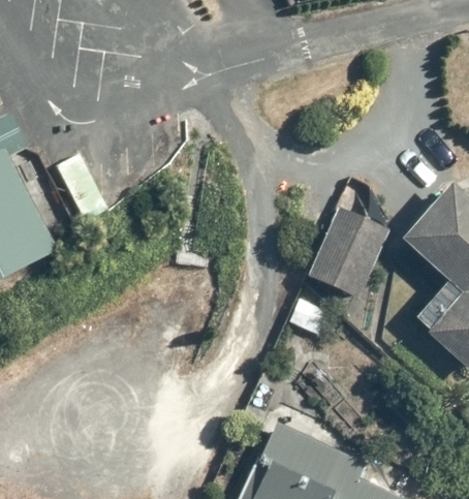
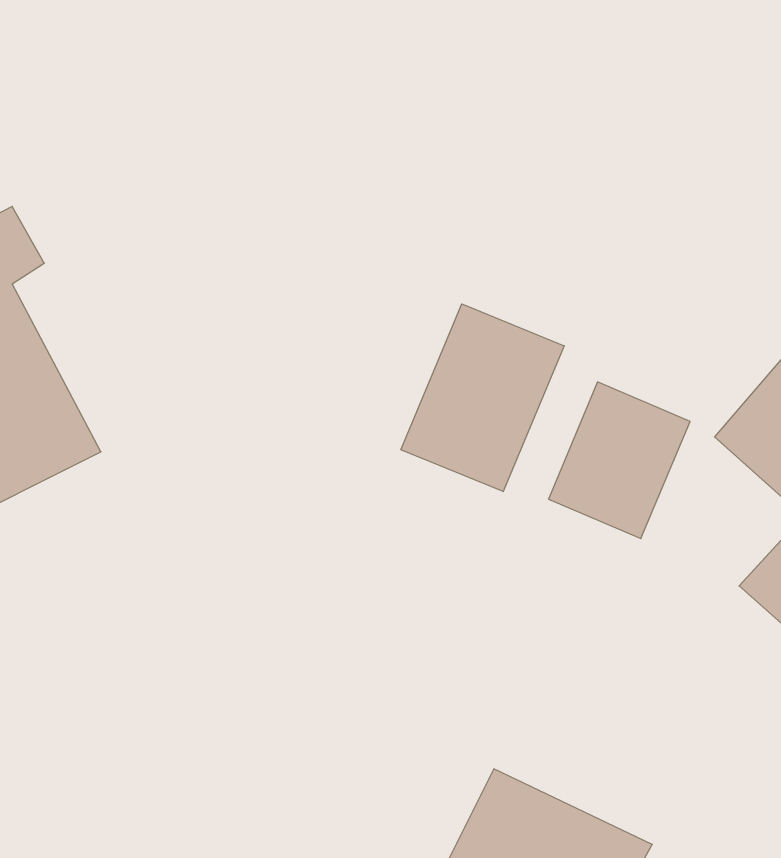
building: none -> [401,304,564,492]

